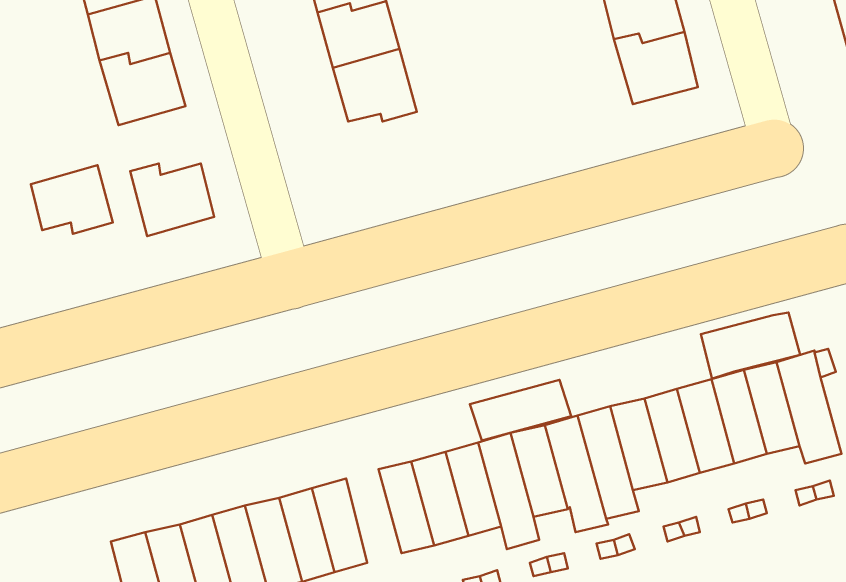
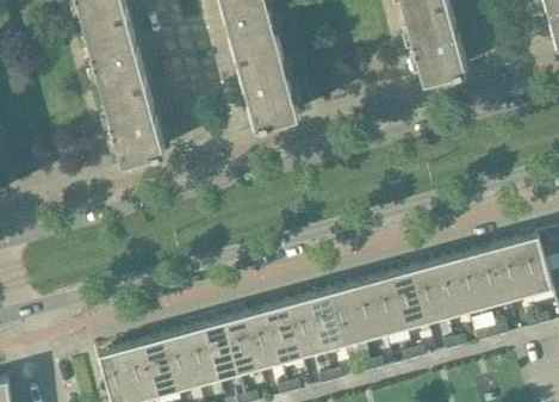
building: none -> [246,88,297,129]
building: [31,165,113,234] -> [103,85,154,128]
building: [701,313,800,379] -> none
building: [470,380,571,441] -> none
building: none -> [244,311,279,370]

